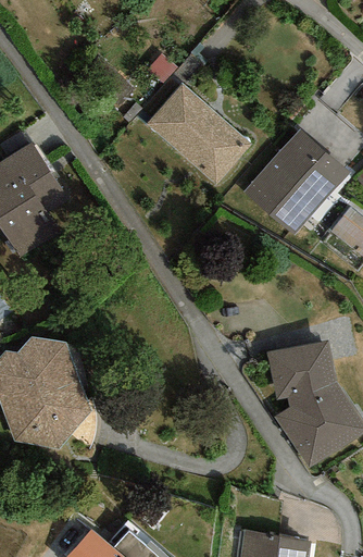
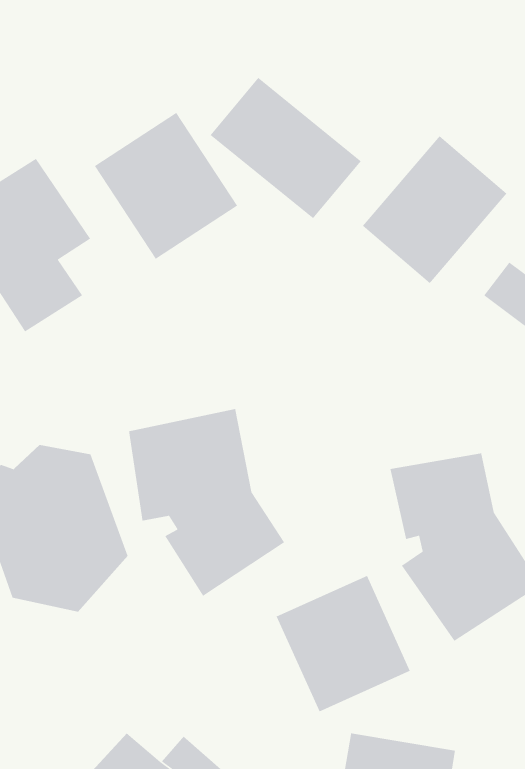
building: none -> [94,112,238,260]
building: none -> [128,408,285,597]
building: none -> [276,575,411,713]

